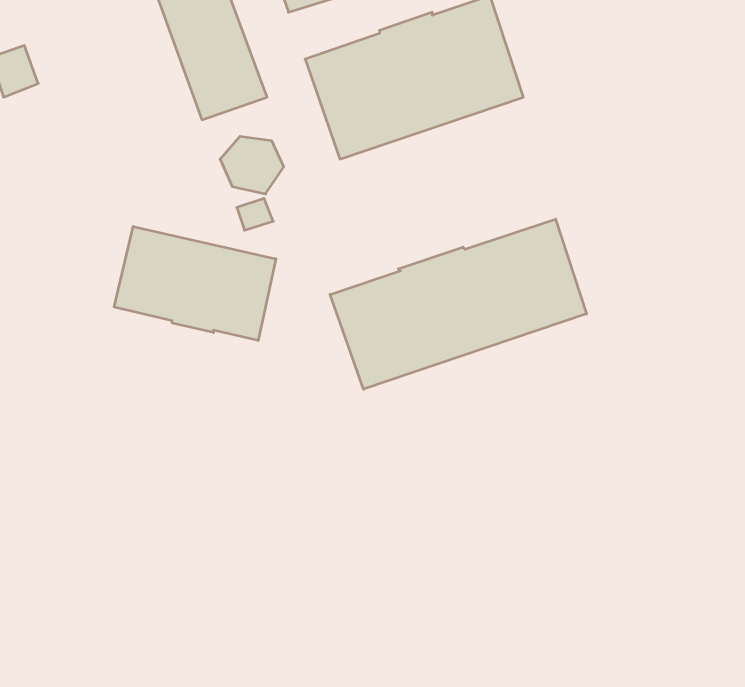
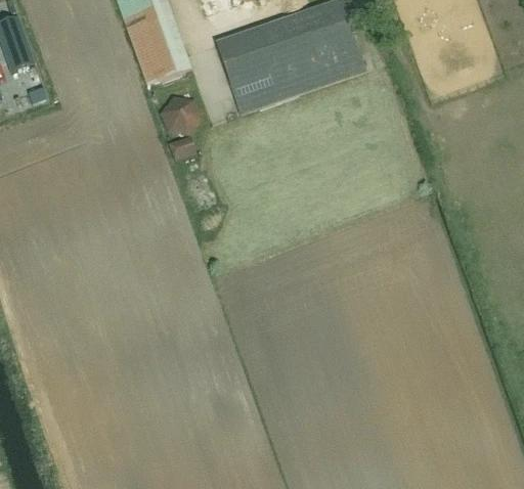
building: [330,219,587,389] -> none
building: [114,226,276,341] -> none

